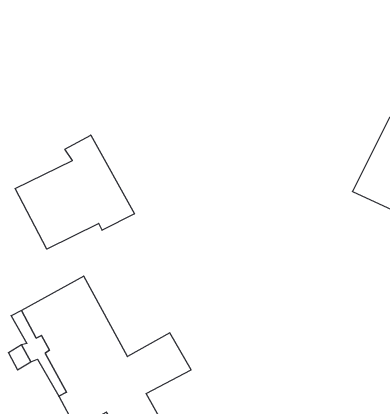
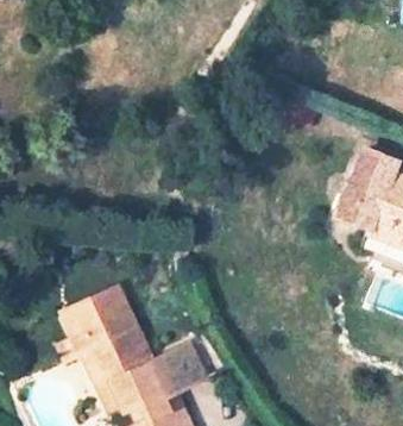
building: [15,135,134,249] -> none

